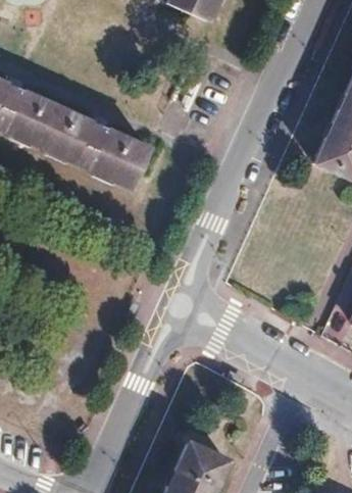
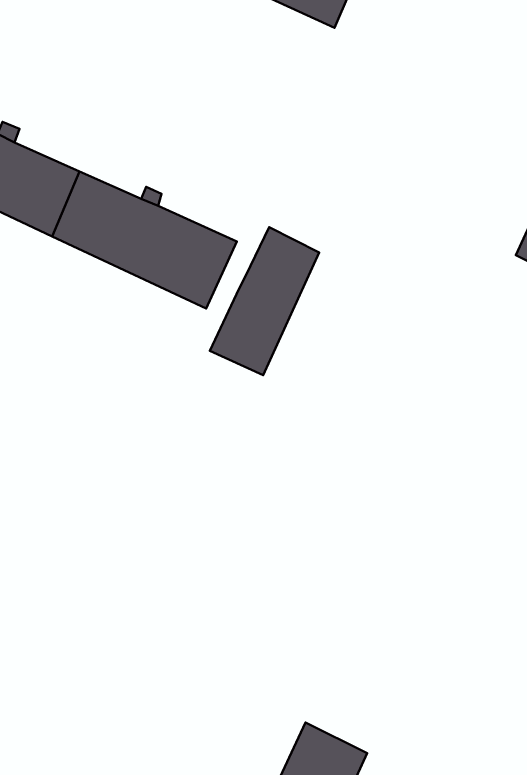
building: none -> [210,227,319,375]

